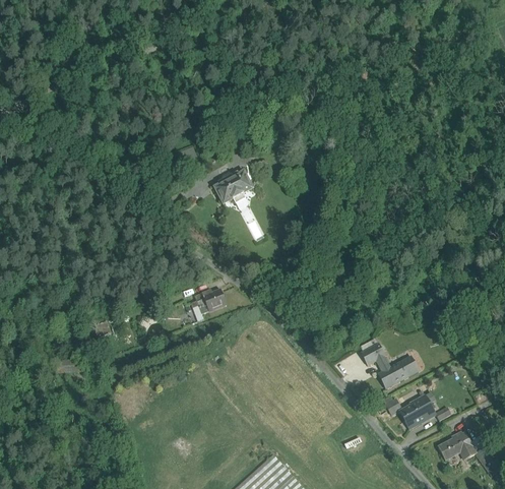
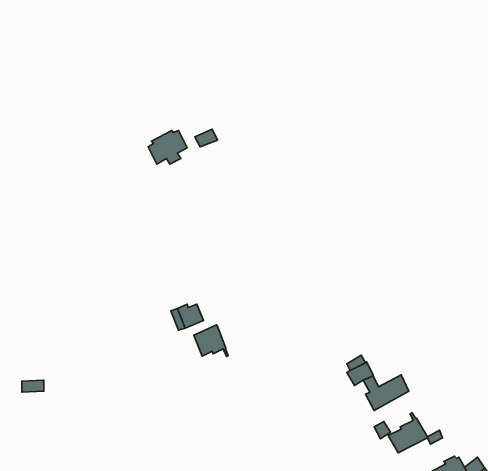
building: [215,172,252,203] -> [148,130,187,164]
building: none -> [194,325,228,356]

